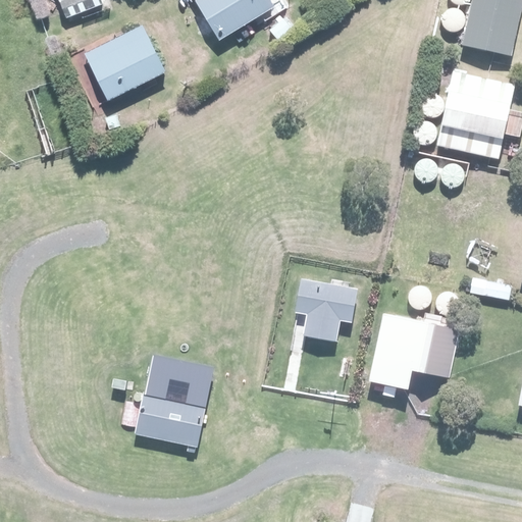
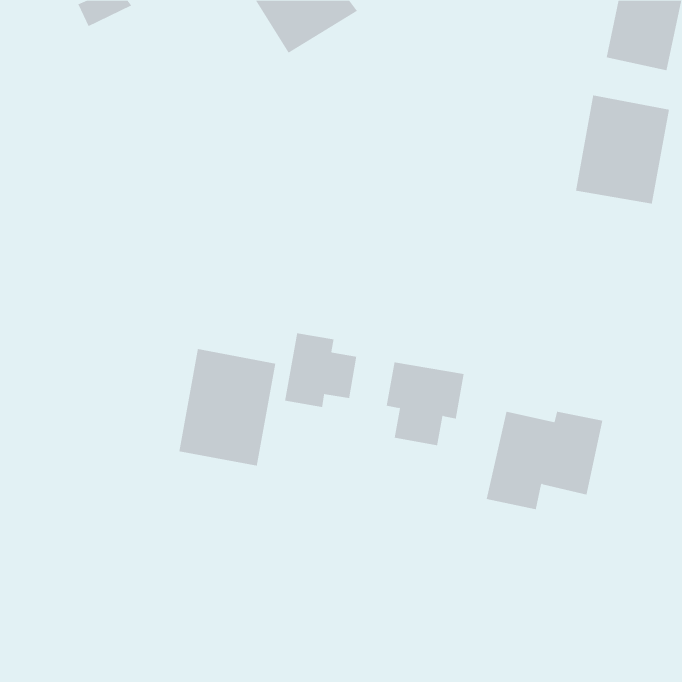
building: [84,25,162,102] -> none
building: none -> [284,332,357,408]
building: [137,354,211,443] -> [179,349,276,466]

